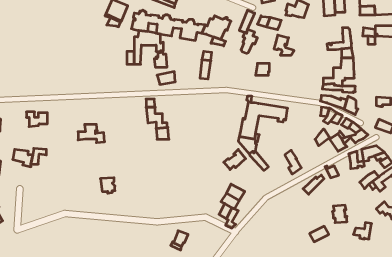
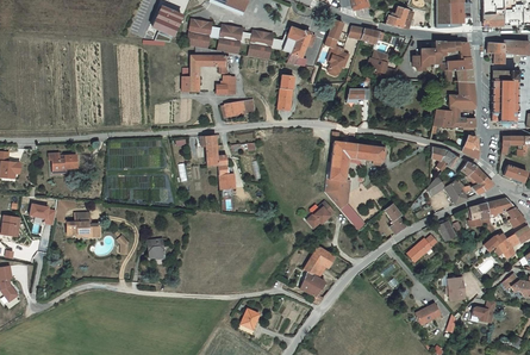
building: none -> [414,43,454,70]
building: none -> [492,70,520,126]
building: [78,124,105,143] -> [66,213,100,237]

